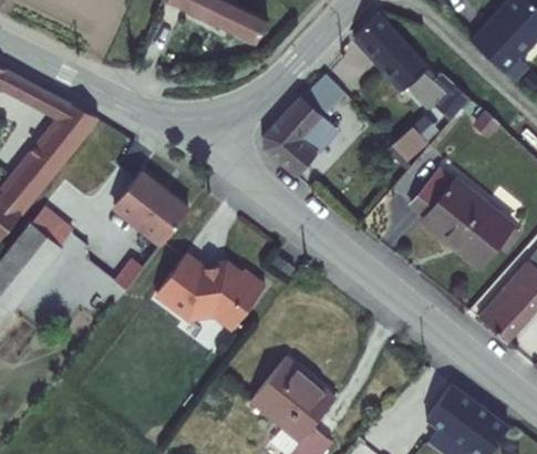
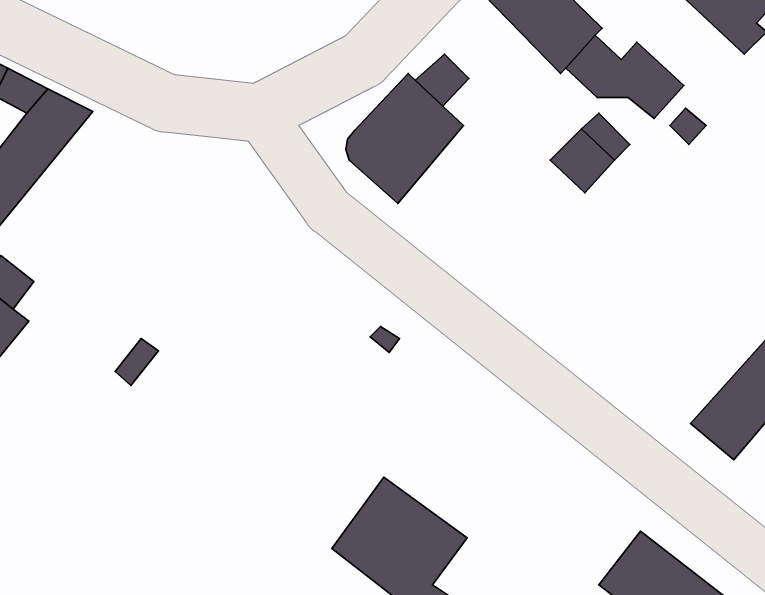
building: [404,173,506,271] -> none
building: [112,174,189,247] -> none
building: [155,255,264,328] -> none

